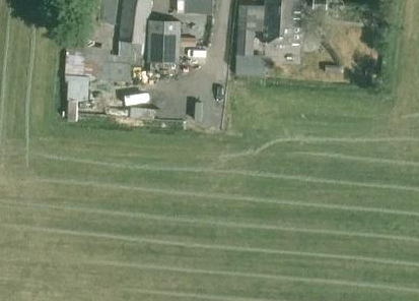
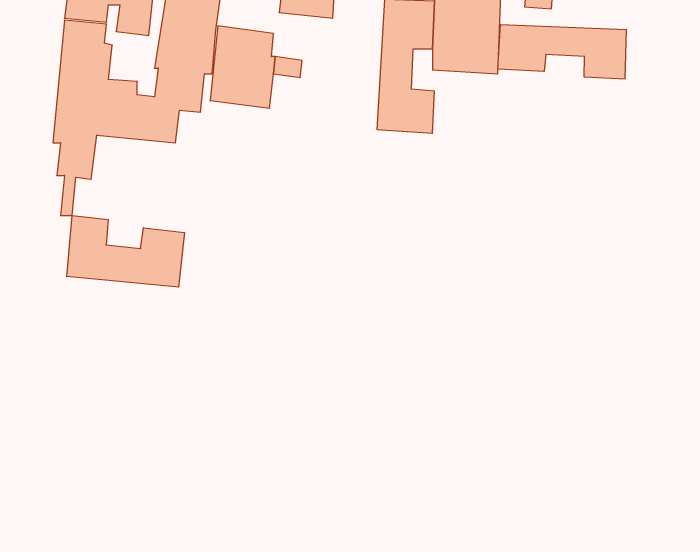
building: none -> [498,25,626,79]
building: none -> [67,216,184,287]

